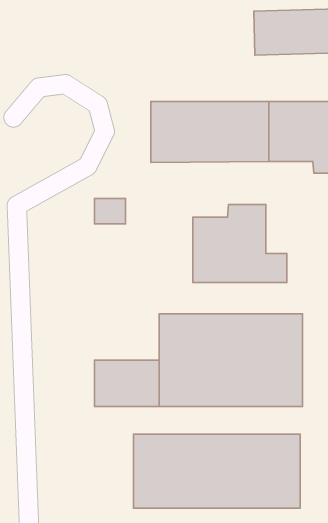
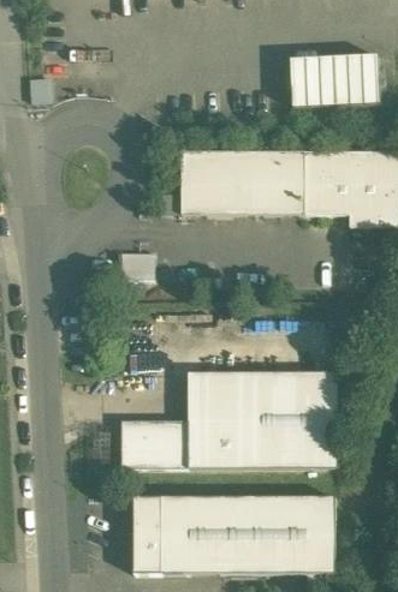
building: [193,205,287,283] -> none
building: none -> [133,496,162,573]

